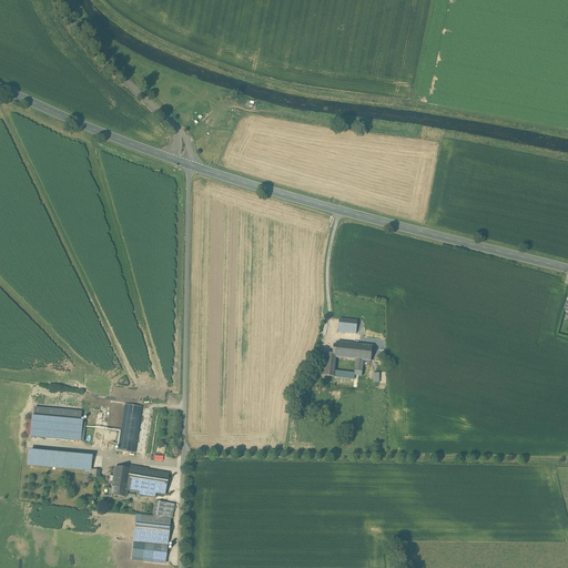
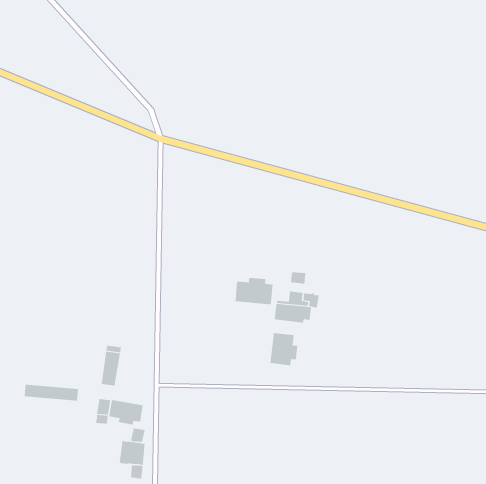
building: none -> [235,277,273,305]
building: none -> [270,332,298,366]
building: [30,407,85,439] -> none

